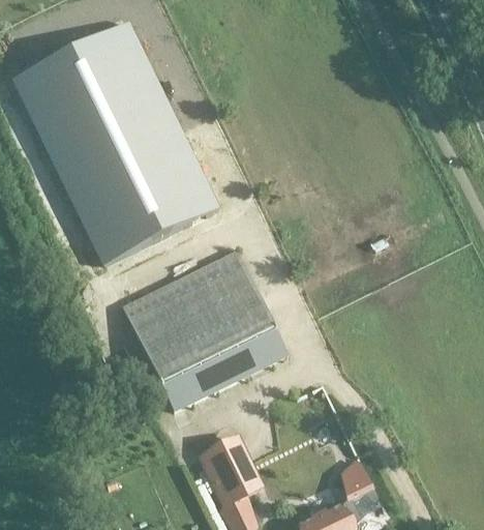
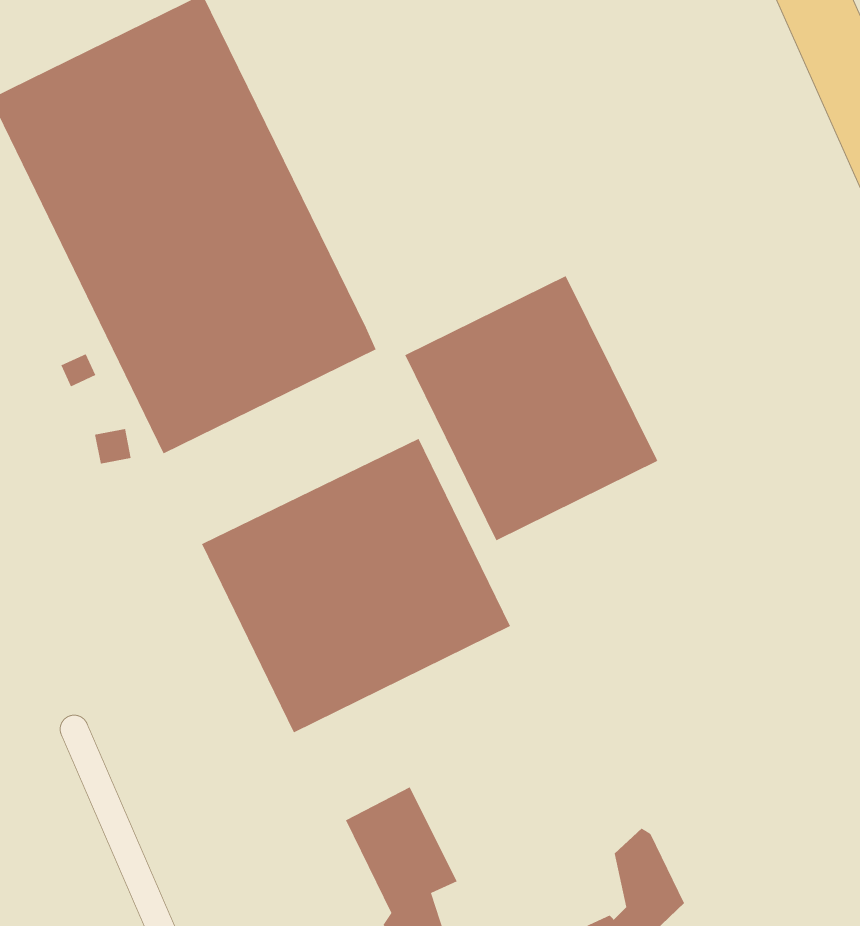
building: none -> [405,274,659,541]

